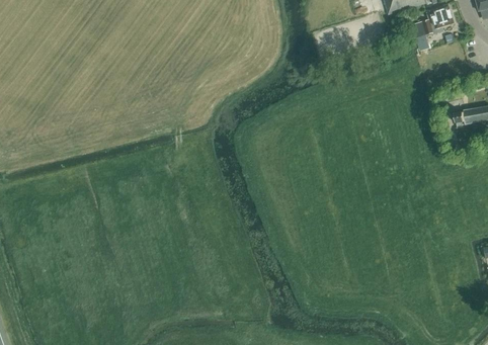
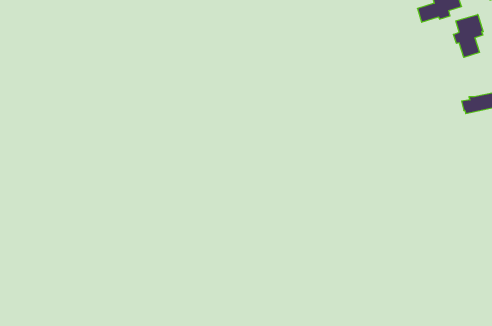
building: none -> [453,14,483,57]

